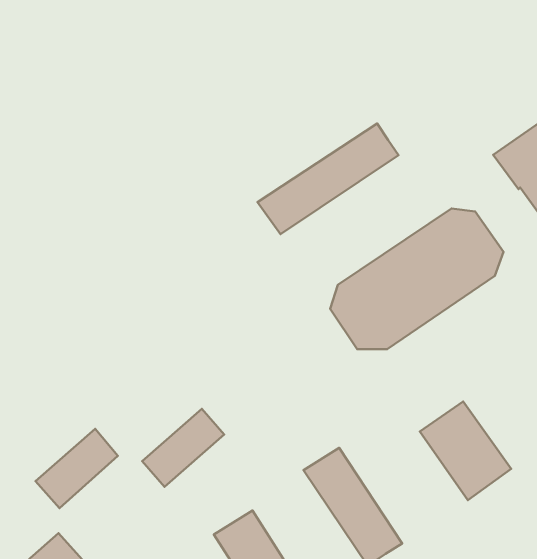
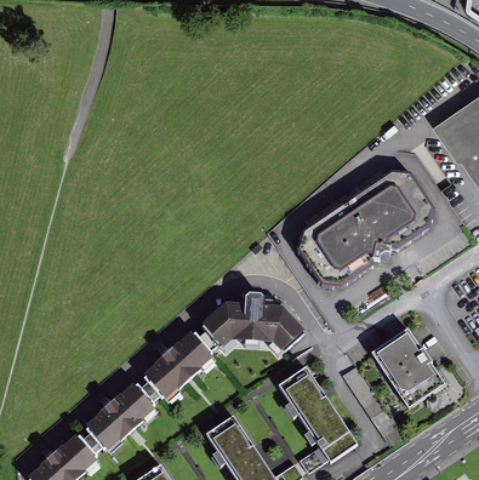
building: [258,123,399,234] -> none
building: none -> [205,298,307,347]
building: [36,429,118,508] -> [87,383,154,447]

